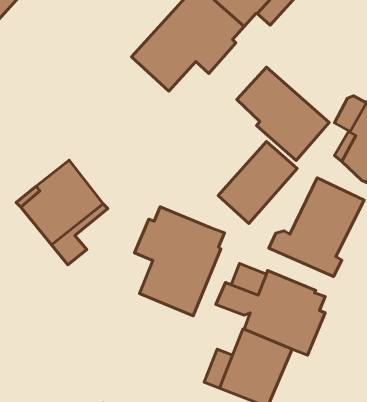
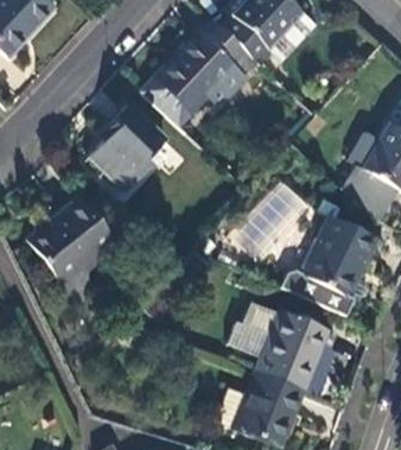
building: [237,67,329,160] -> none
building: none -> [89,103,167,192]
building: [134,207,224,316] -> none

